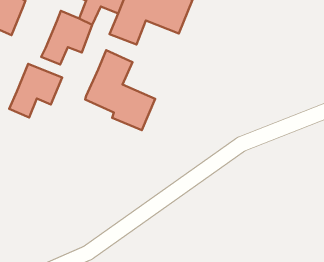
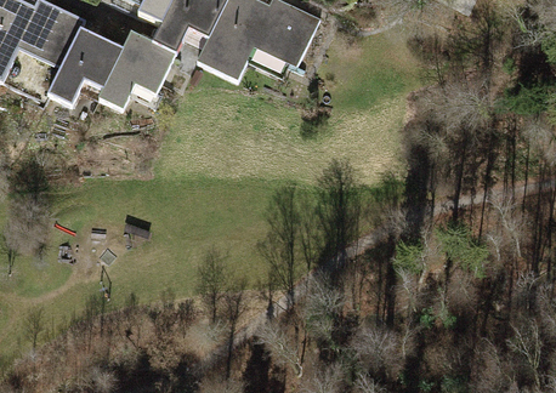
building: [85,50,155,130] -> none
building: [9,64,62,117] -> [53,28,127,103]

